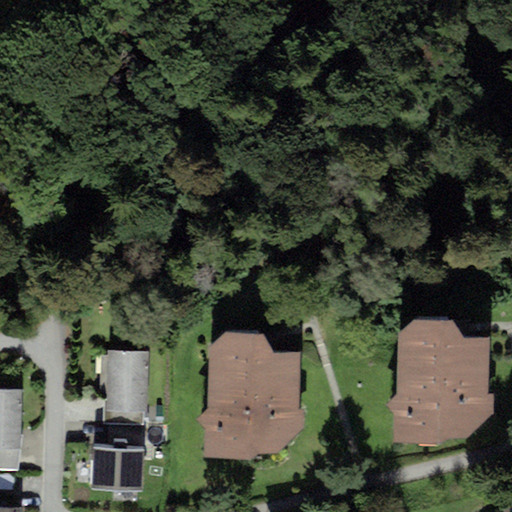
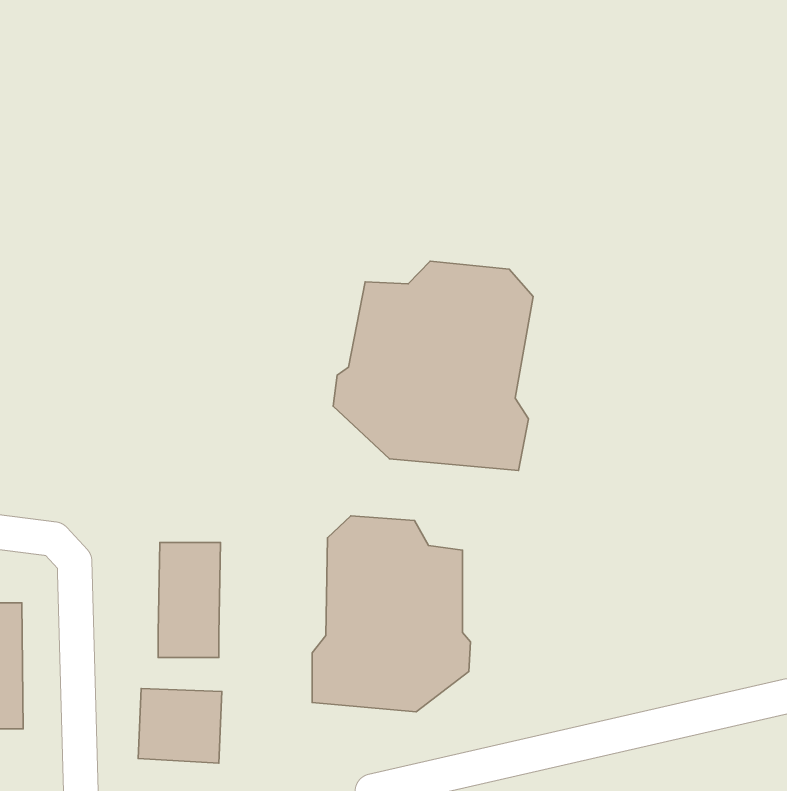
building: none -> [333,261,533,470]
building: [389,321,494,442] -> none

